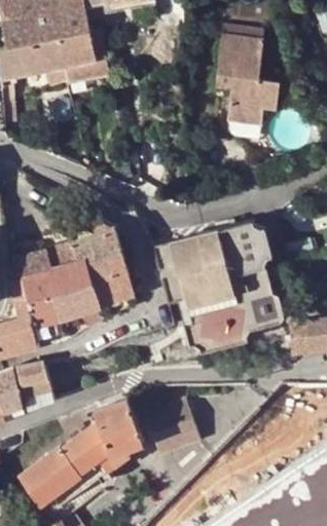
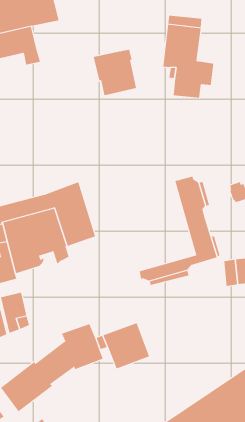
building: [56,30,109,86] -> [93,49,137,96]
building: [151,227,255,337] -> none

